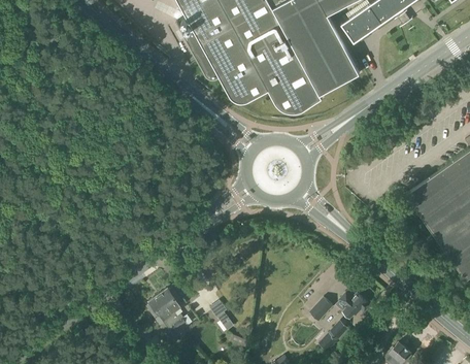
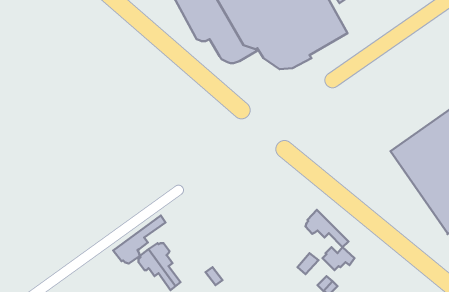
building: none -> [305,210,348,247]
building: none -> [113,216,165,264]

